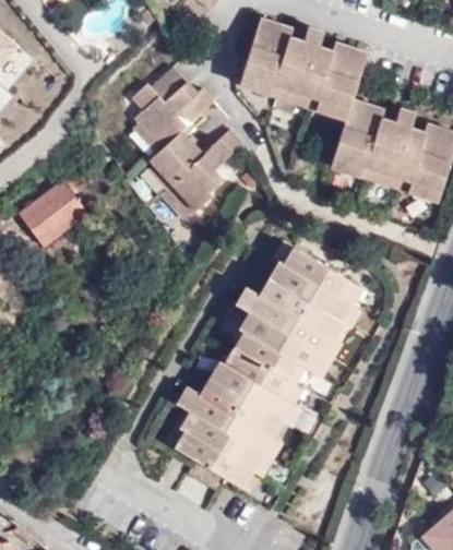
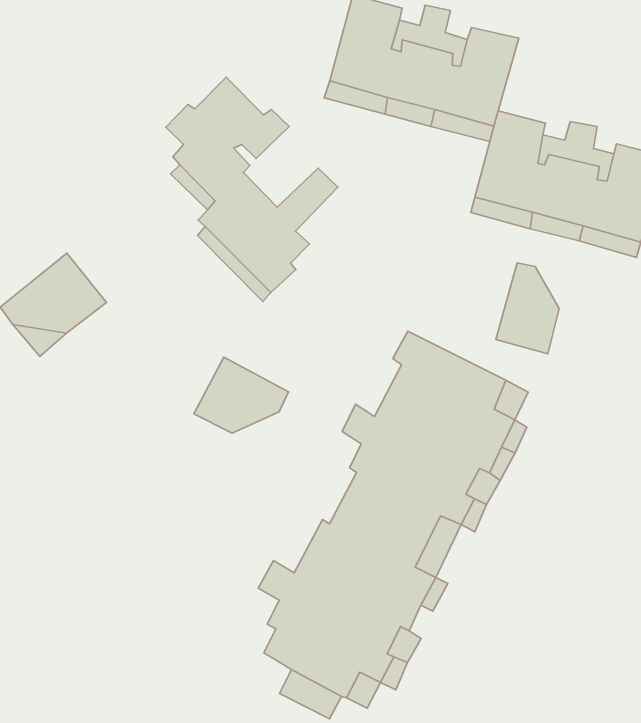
building: none -> [496,263,559,354]
building: none -> [194,357,289,433]

